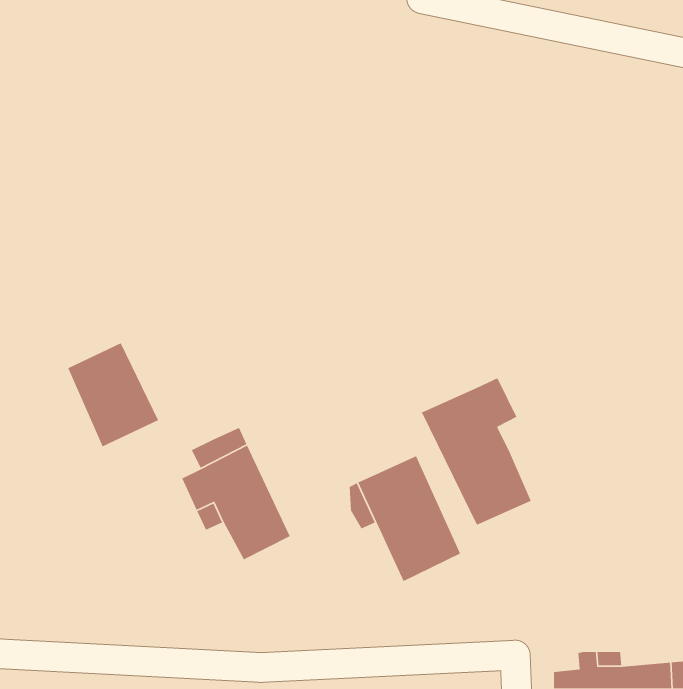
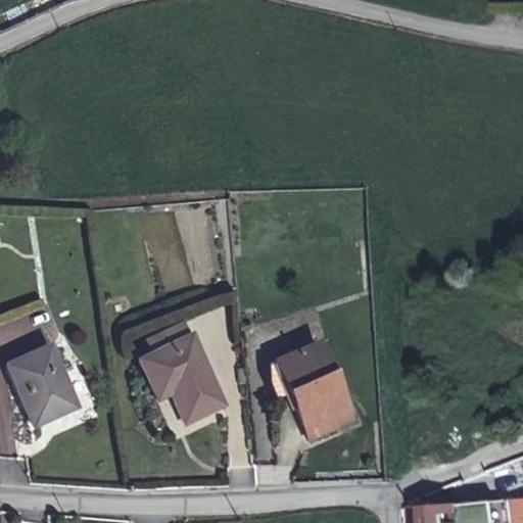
building: [67,342,159,447] -> [11,346,81,426]
building: [421,377,532,526] -> none

